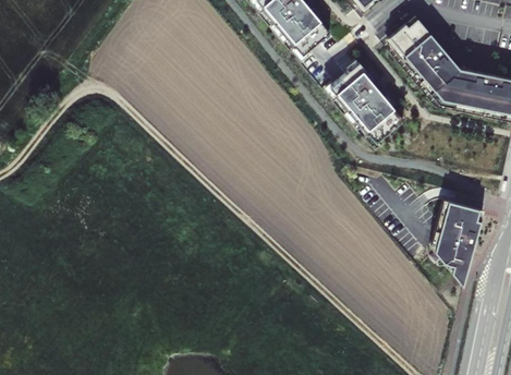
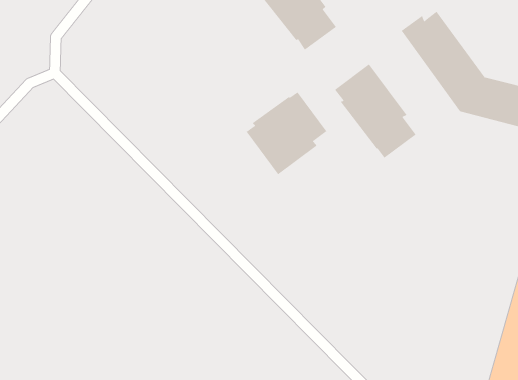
building: none -> [246,92,327,175]
building: [435,201,484,285] -> none

